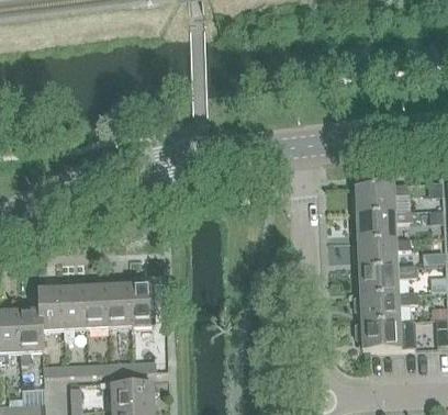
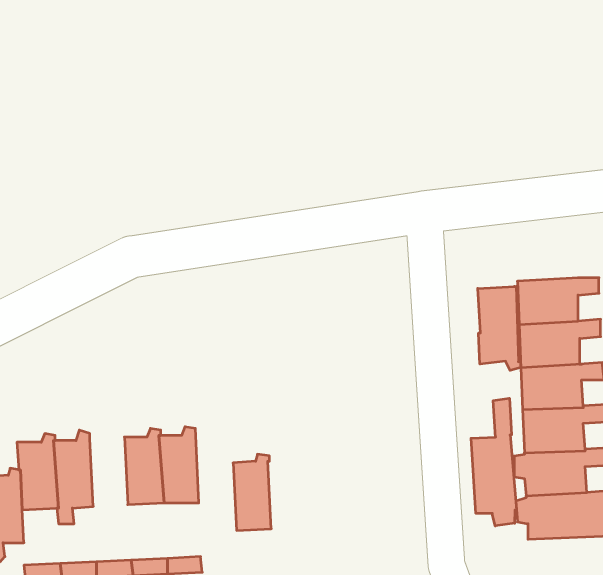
building: none -> [478,286,521,370]
building: none -> [471,398,516,526]
building: [85,280,109,328] -> [233,454,271,530]

